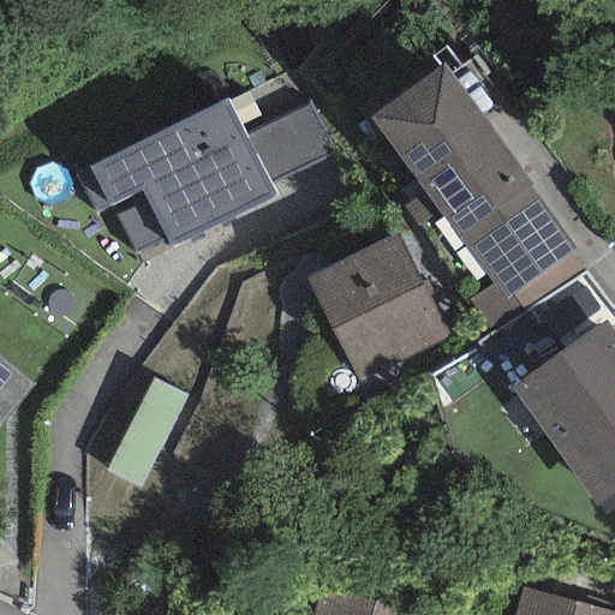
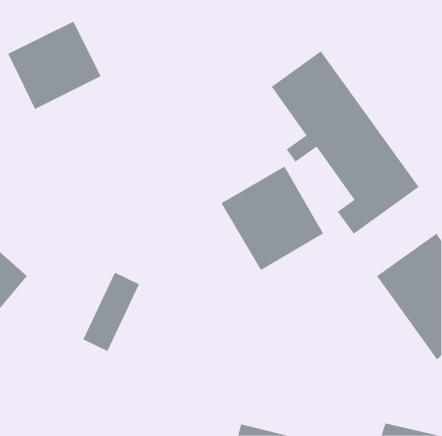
building: none -> [7,21,101,110]
building: [74,92,333,247] -> none

